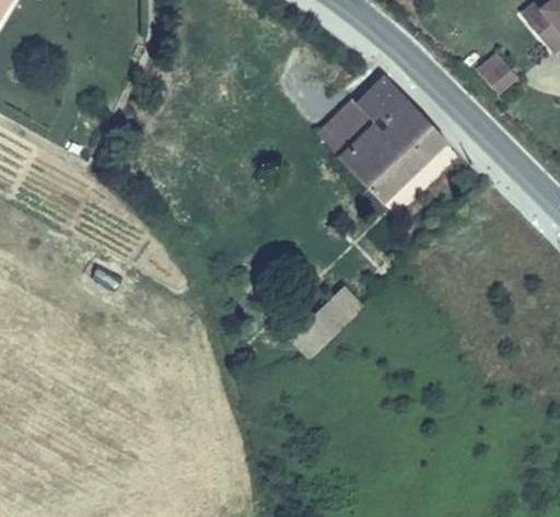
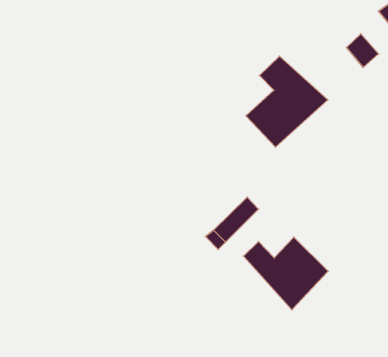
building: [315,96,378,160] -> none
building: none -> [243,237,328,310]

